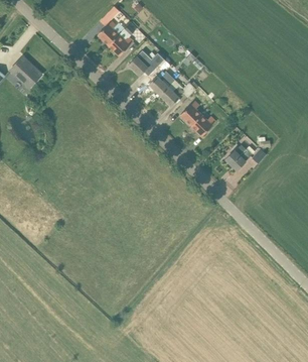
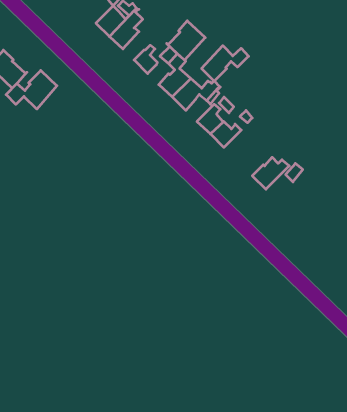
building: none -> [167,21,205,60]
building: none -> [202,46,249,81]
building: none -> [6,70,57,109]

